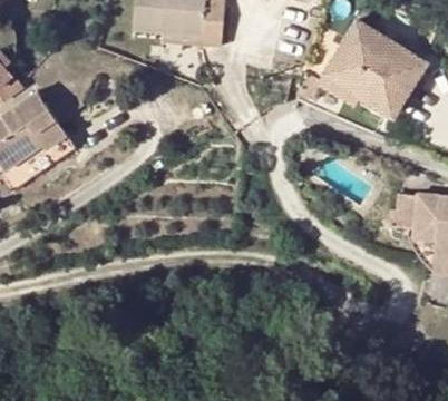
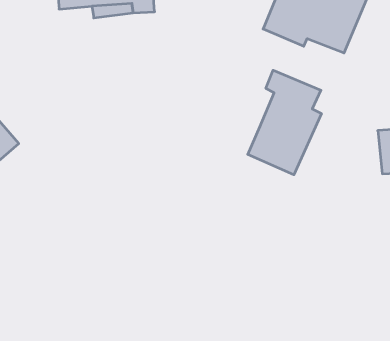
building: none -> [248,70,321,175]

